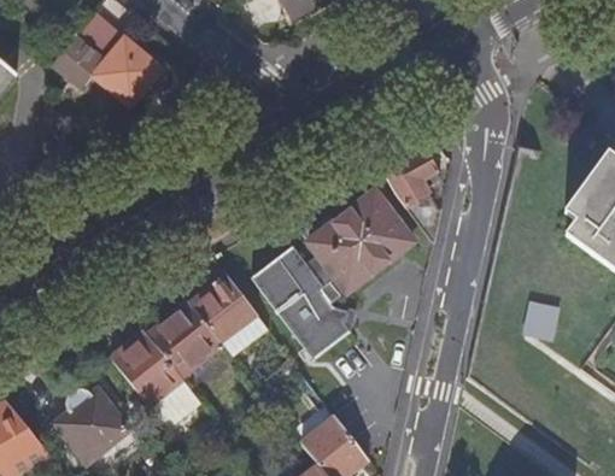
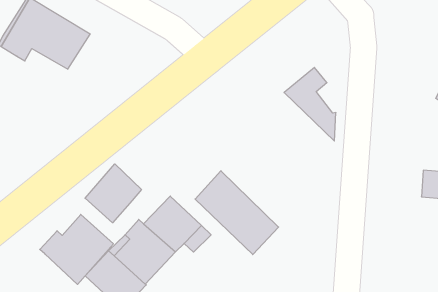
building: [293,190,414,334] -> none
building: none -> [85,164,141,223]
building: none -> [40,214,113,284]

